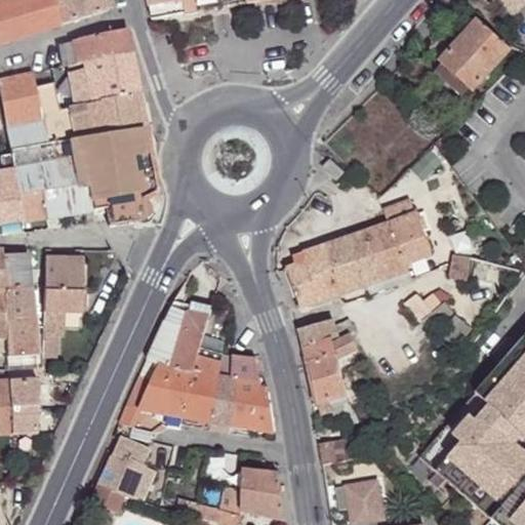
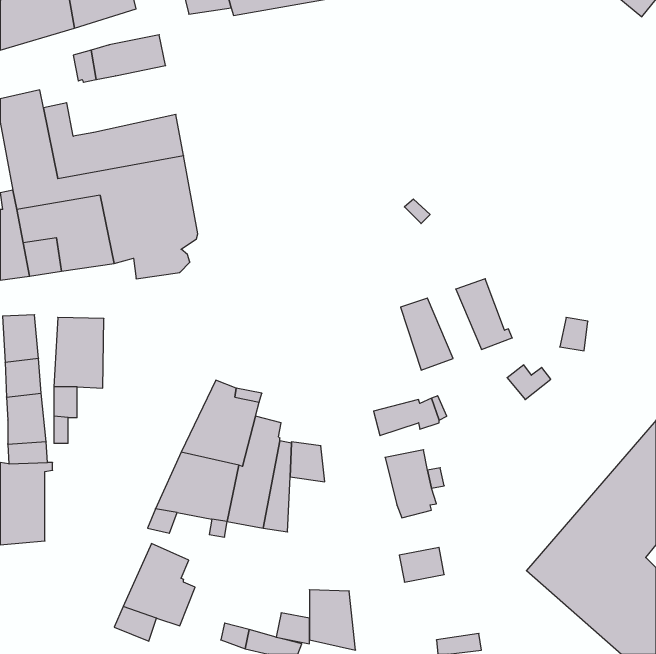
building: [433,18,510,97] -> none
building: [68,52,140,106] -> none
building: [382,198,432,264] -> none
building: [341,231,385,286] -> none
building: [286,245,336,308] -> none
building: [304,337,358,365] -> none
building: [230,380,274,433] -> none
building: [335,480,382,511] -> none

